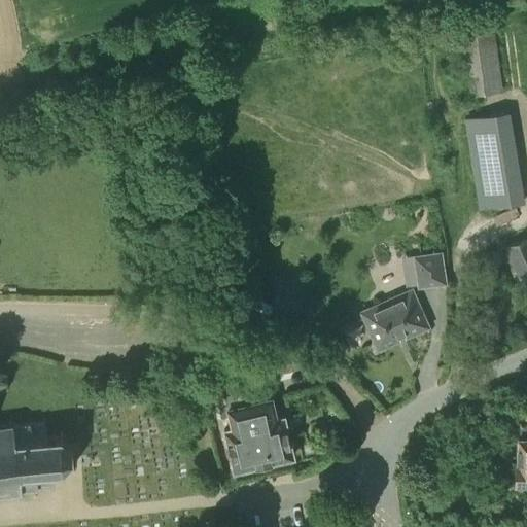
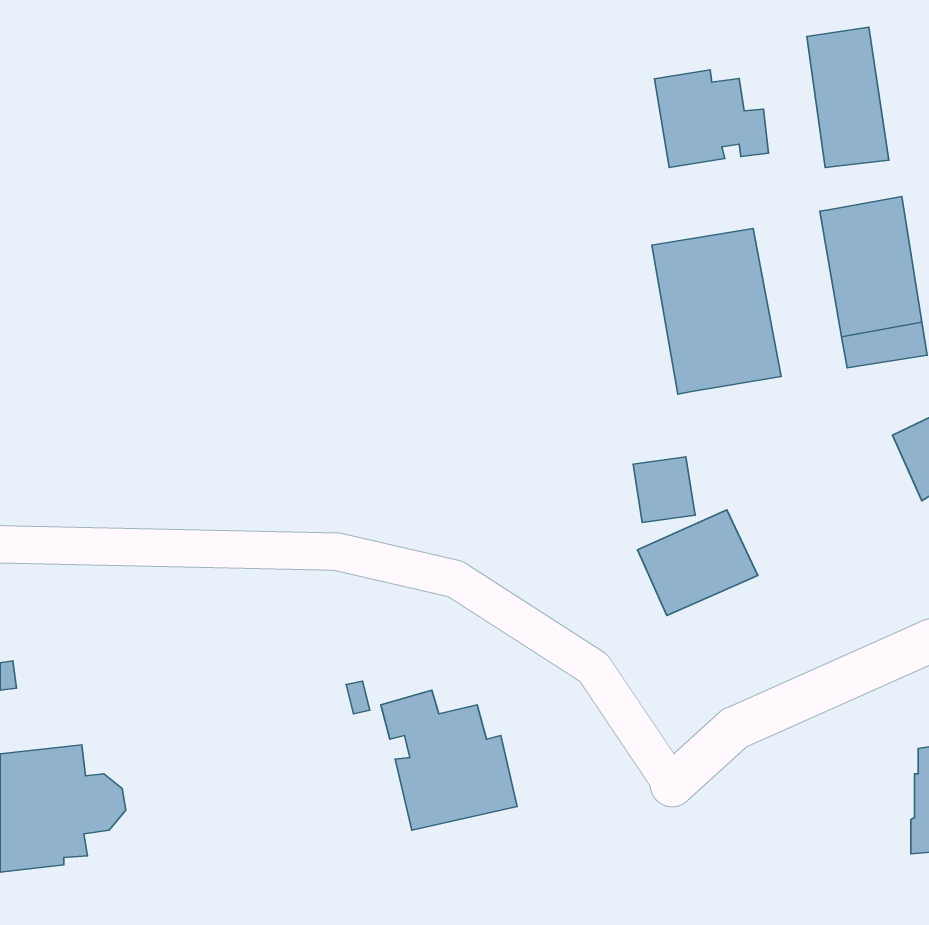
building: none -> [654,70,768,168]
building: none -> [652,228,781,394]
building: [413,253,448,290] -> [633,457,695,522]

